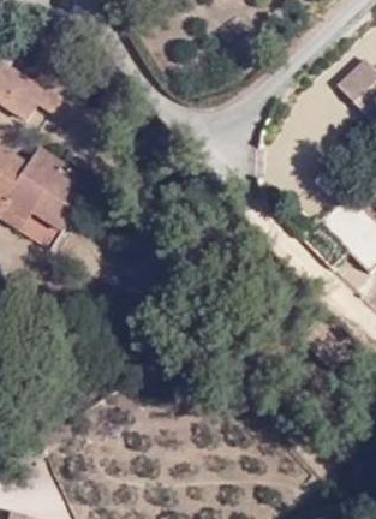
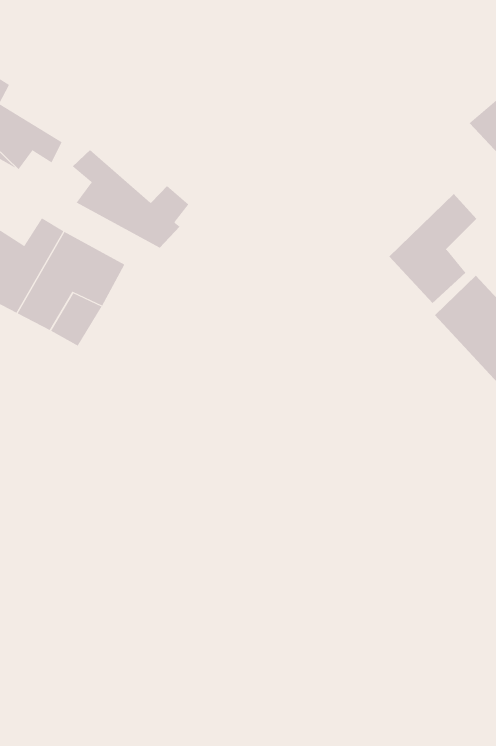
building: none -> [72,149,189,249]
building: none -> [389,193,477,304]

